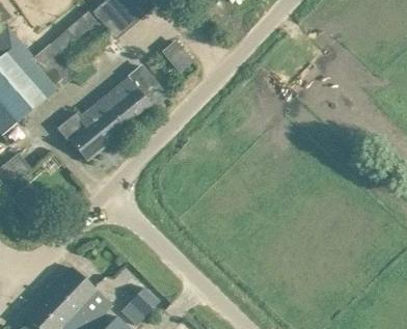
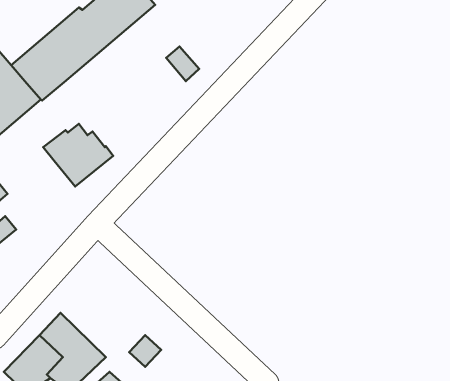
building: [88,66,157,135] -> none

